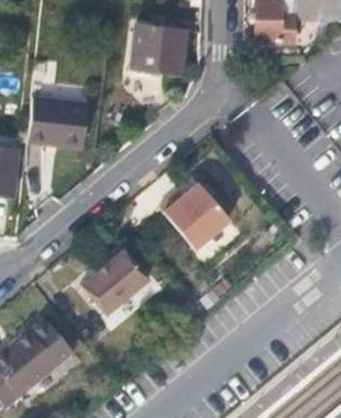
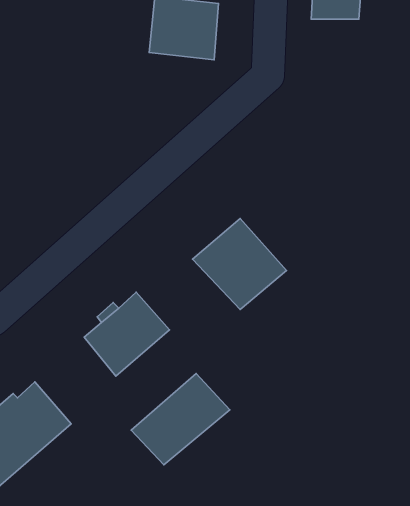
building: [28,100,86,150] -> none
building: none -> [131,374,230,465]

